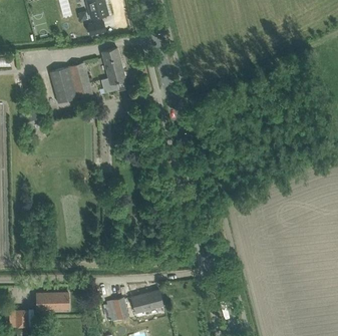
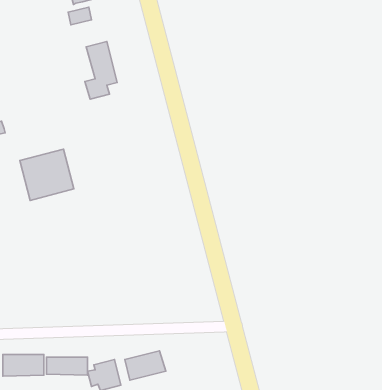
building: [50,63,92,103] -> [20,149,74,200]
building: none -> [47,357,87,375]

